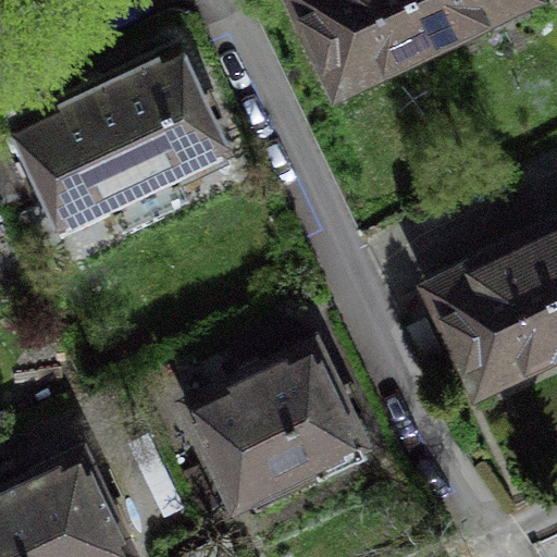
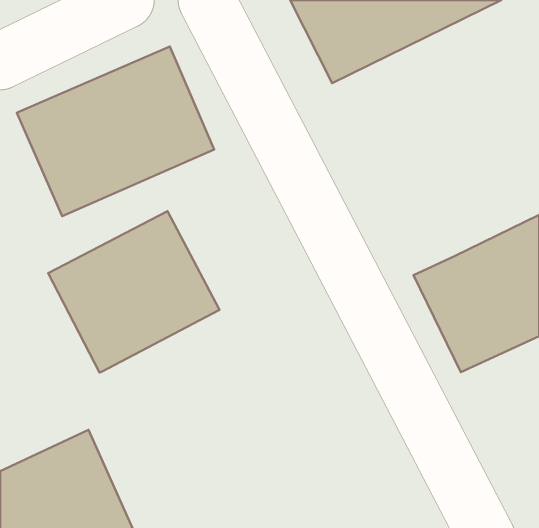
building: none -> [48,211,219,373]
building: [191,350,358,508] -> none

